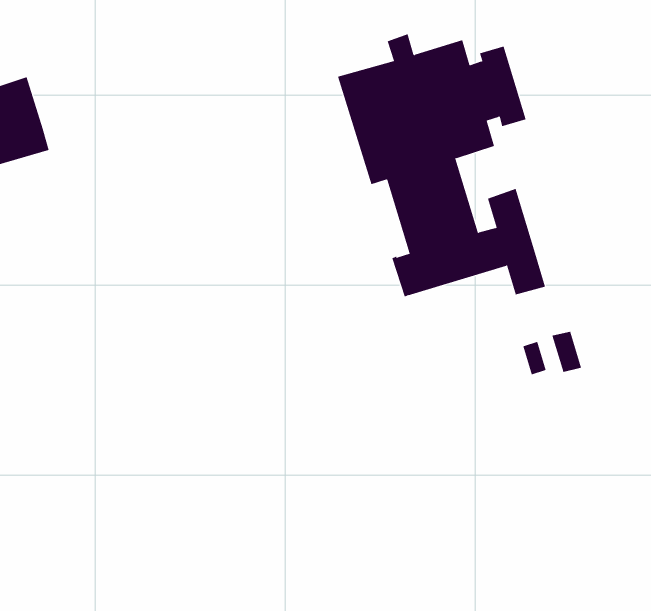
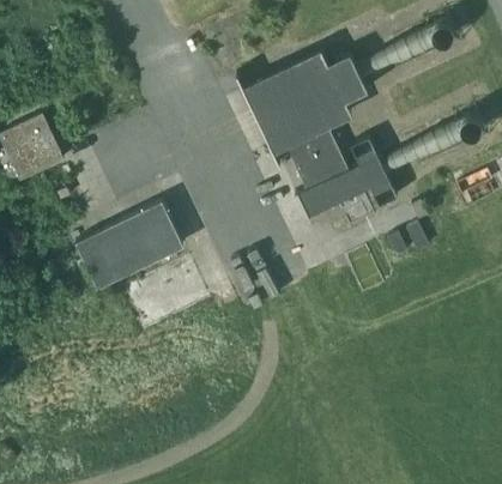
building: none -> [73,201,183,290]

